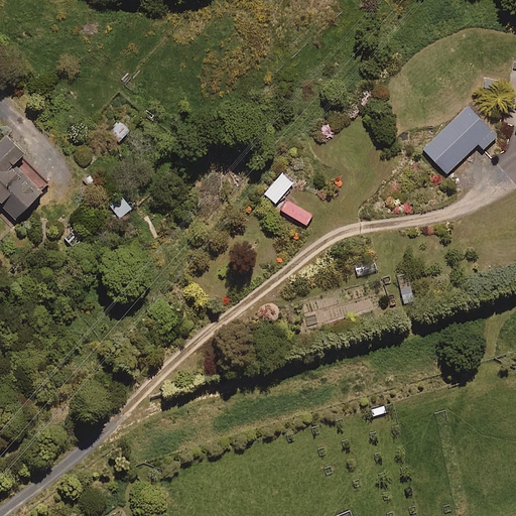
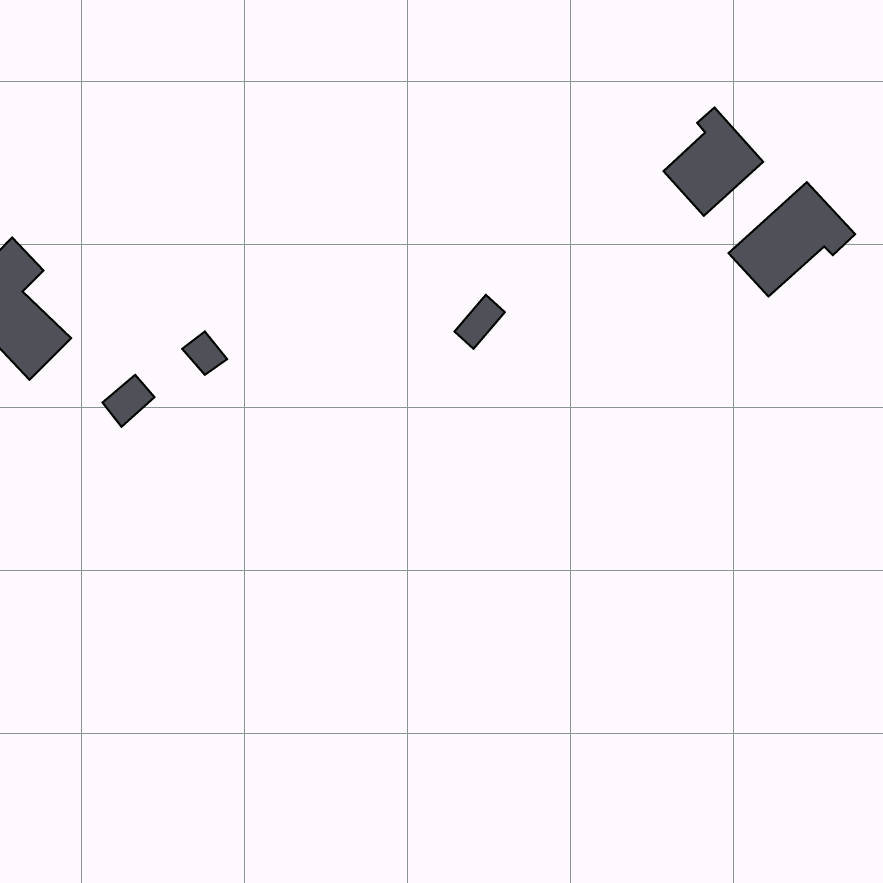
building: none -> [663,107,763,216]

